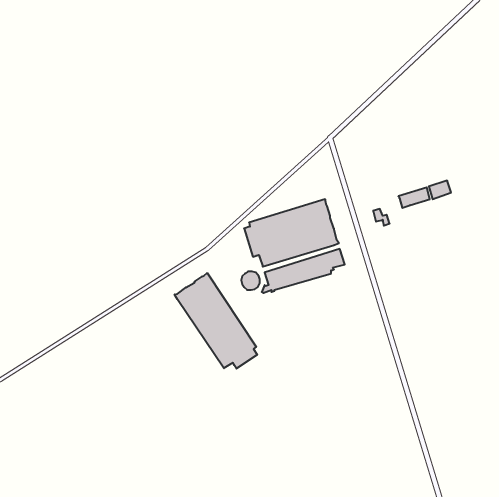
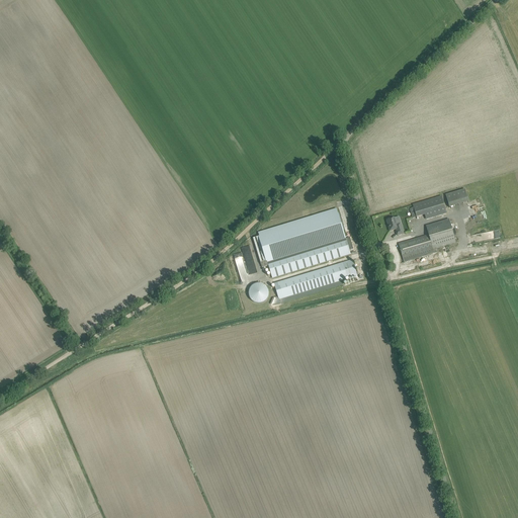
building: none -> [399,218,456,261]
building: [175,273,257,369] -> none

